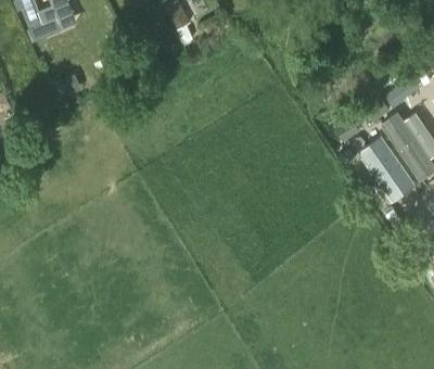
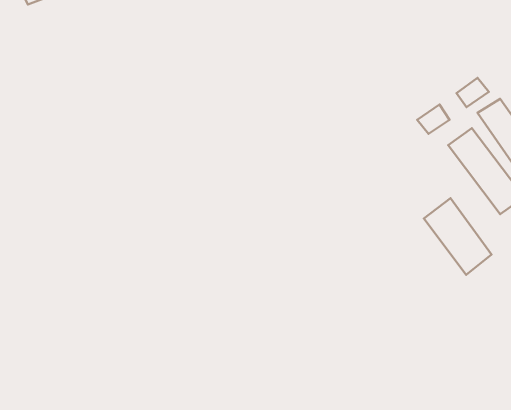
building: none -> [424,198,492,275]

